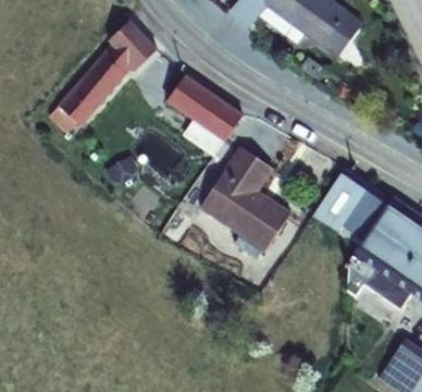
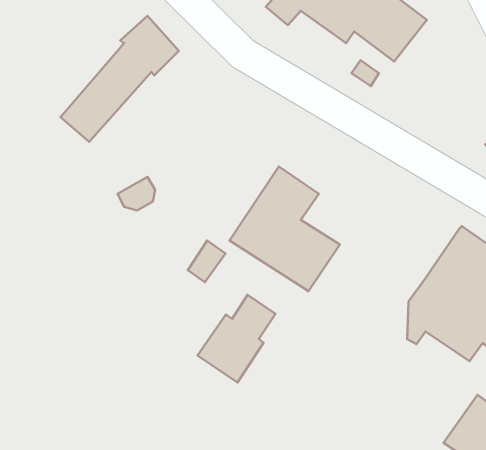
building: [164,74,243,156] -> none
building: [312,168,390,240] -> none
building: none -> [197,295,276,382]

